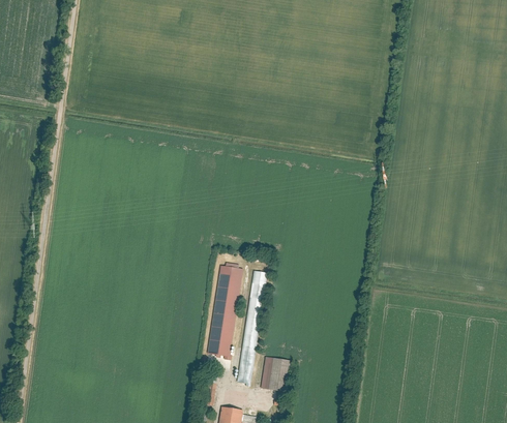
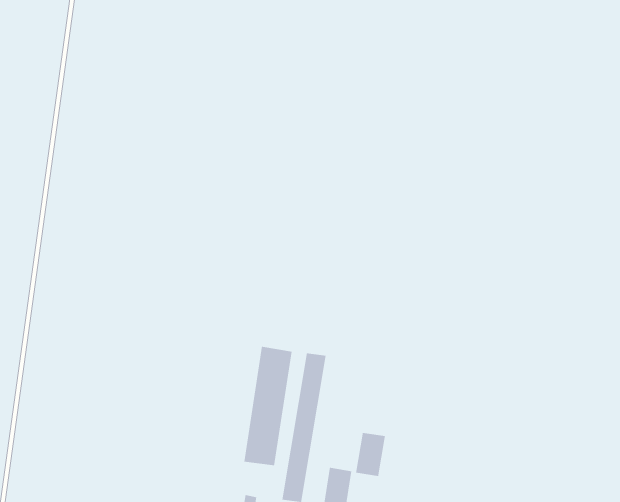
building: none -> [356,432,385,477]

